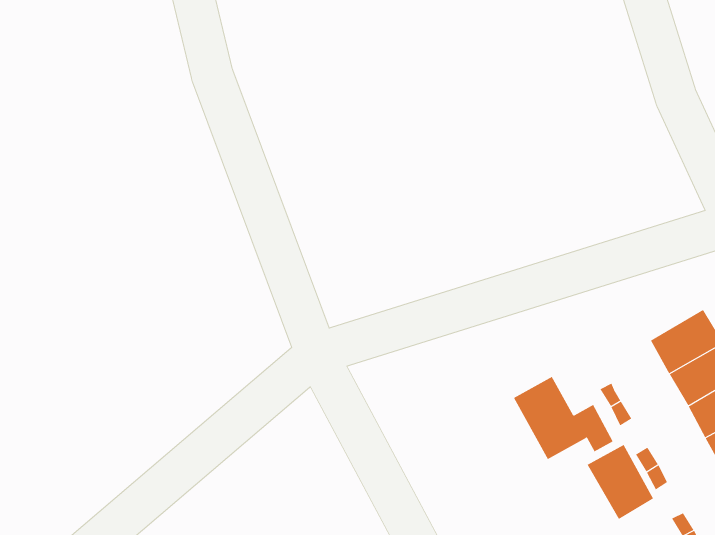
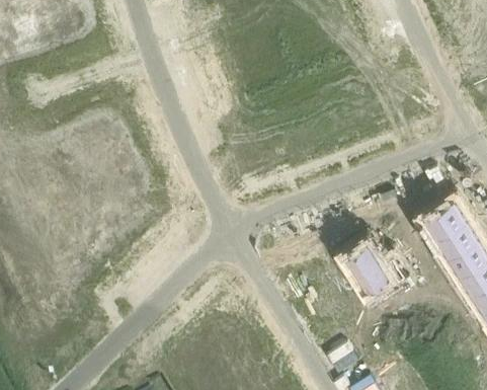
building: [587,444,654,520] -> none

